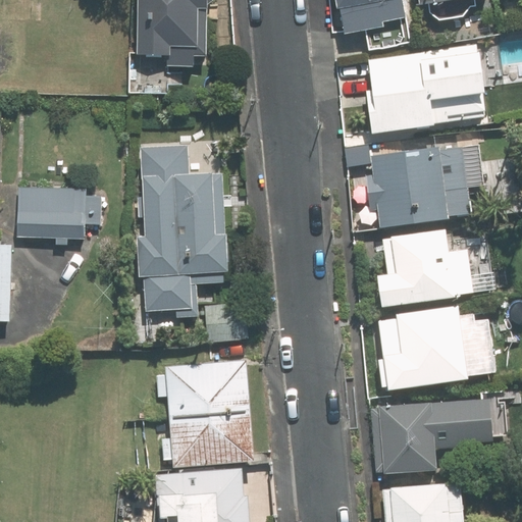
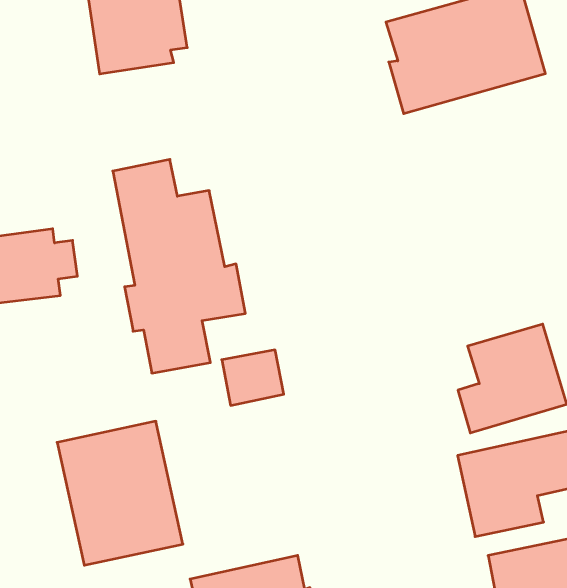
building: [366,145,470,227] -> none
building: [378,227,471,305] -> none
building: [165,360,253,465] -> [57,421,183,565]

